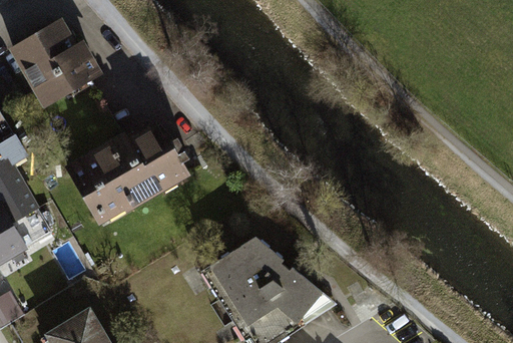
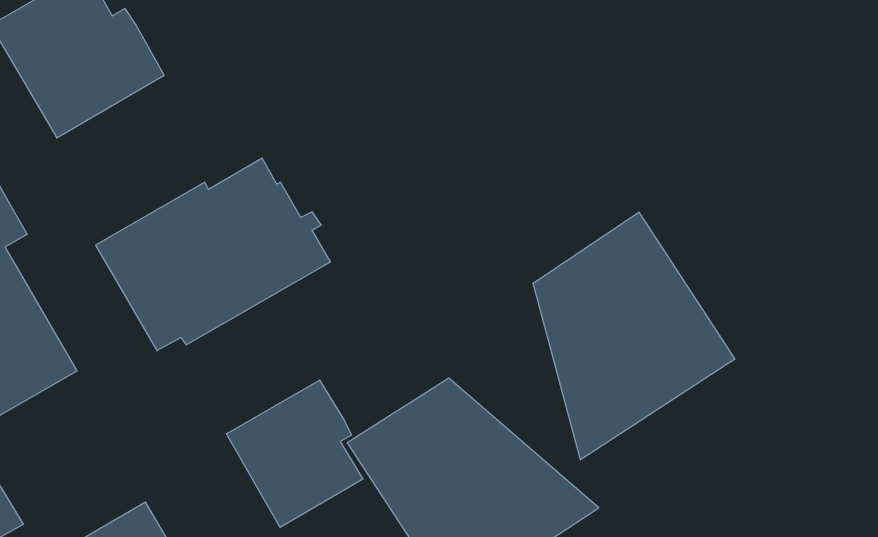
building: none -> [533,212,735,460]
building: none -> [226,380,363,528]

